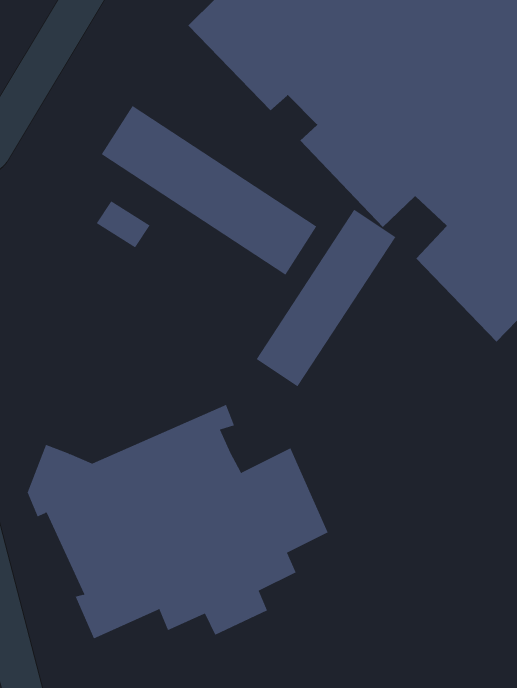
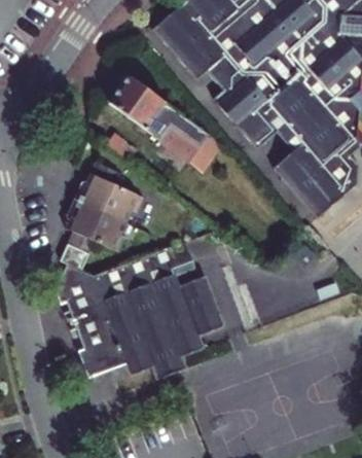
building: [256,209,396,387] -> none
building: none -> [57,157,137,269]

